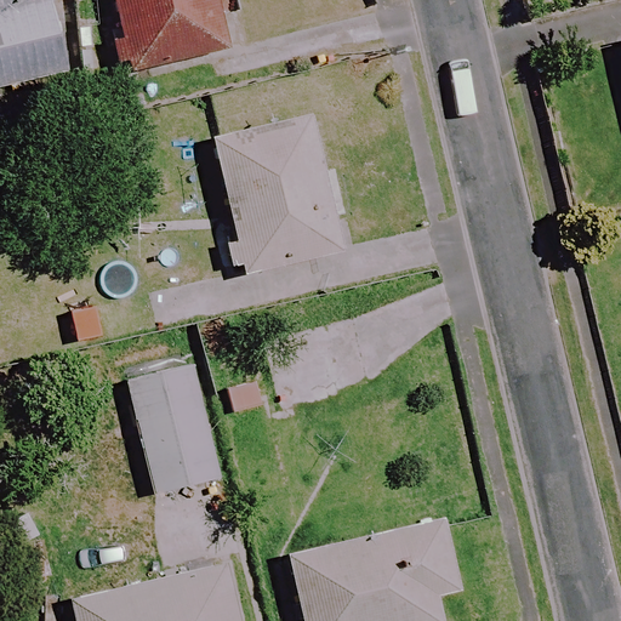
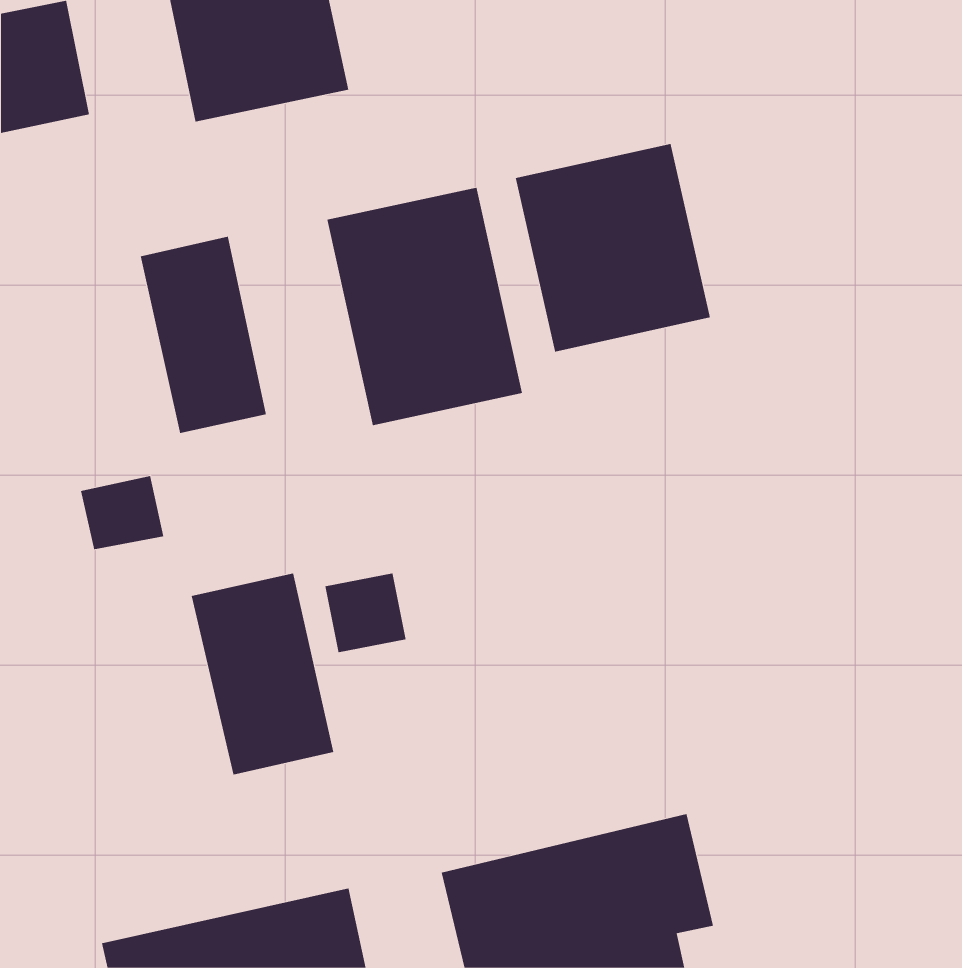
building: none -> [515,143,710,352]
building: none -> [140,236,266,434]

